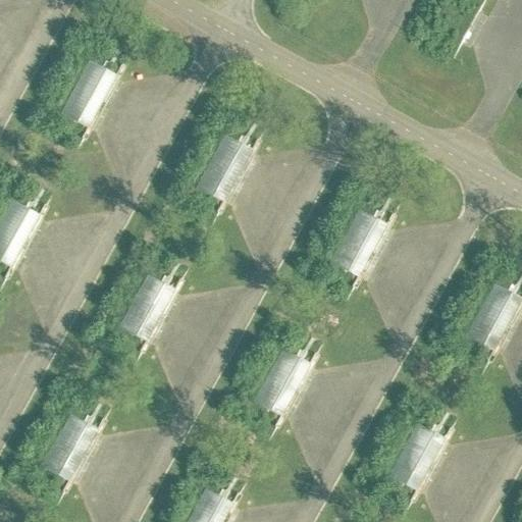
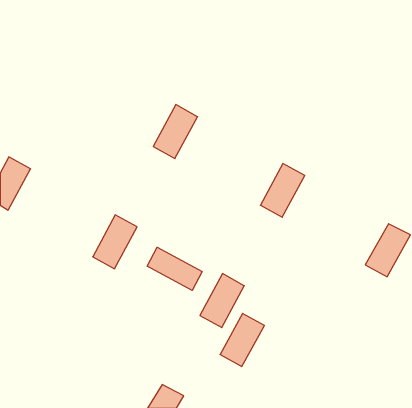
building: [59,59,116,126] -> none
building: none -> [147,247,202,290]
building: [40,412,97,480] -> none
building: [385,423,441,490] -> [220,313,264,366]

